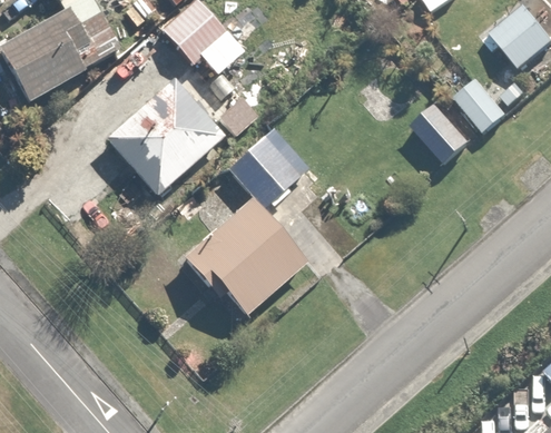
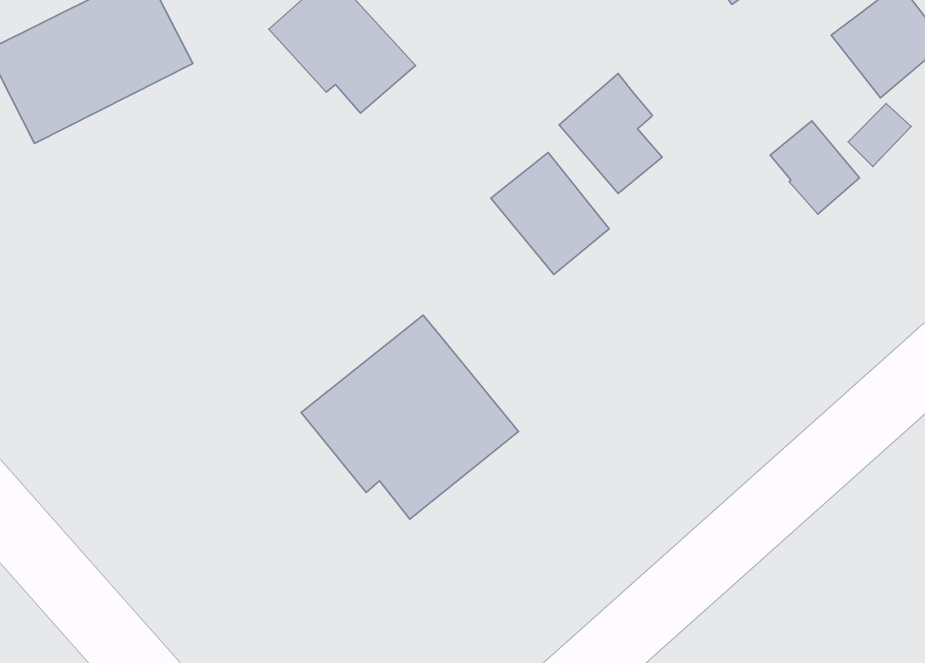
building: [109,78,229,195] -> none
building: [413,92,473,163] -> [559,73,662,194]
building: [227,138,296,209] -> [491,152,609,274]

